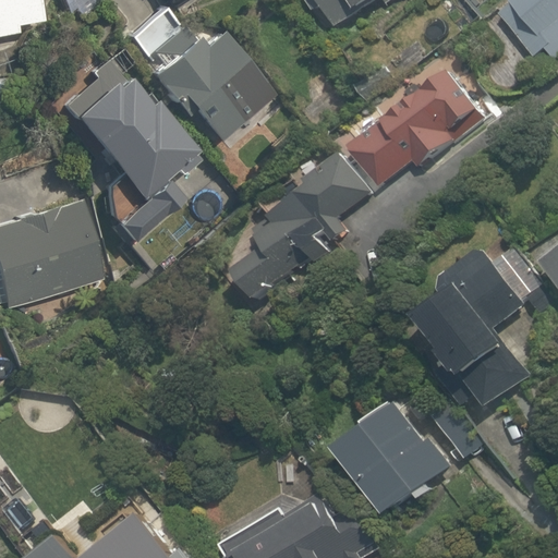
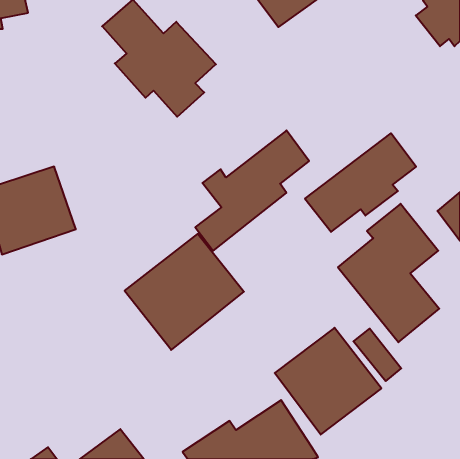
building: [59,65,198,250] -> none
building: [343,69,477,187] -> [305,133,416,232]
building: none -> [125,234,244,350]

